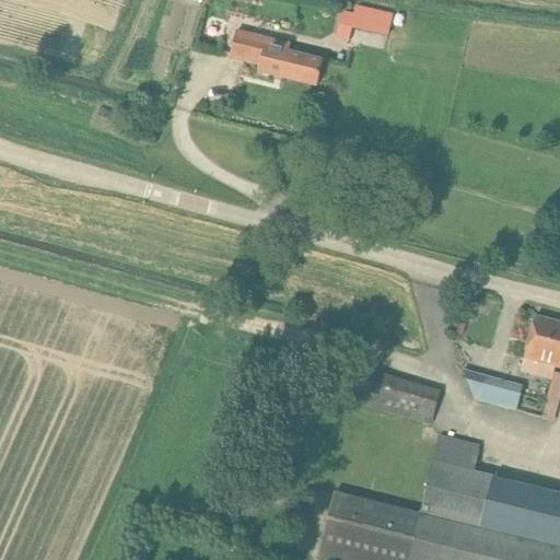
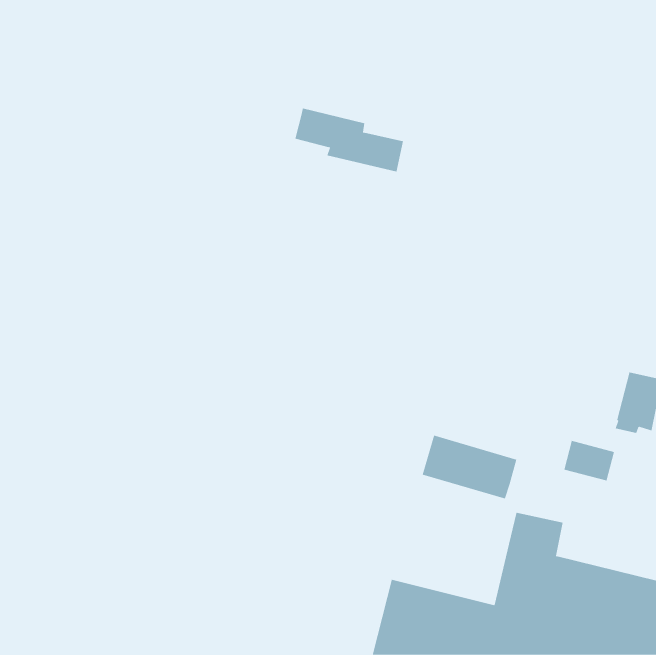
building: [336,7,393,42] -> none
building: [231,31,324,85] -> [294,108,404,172]

